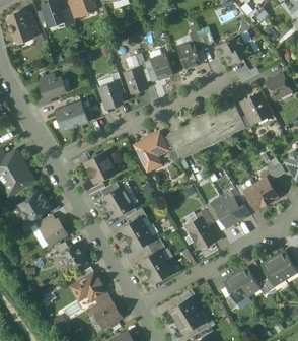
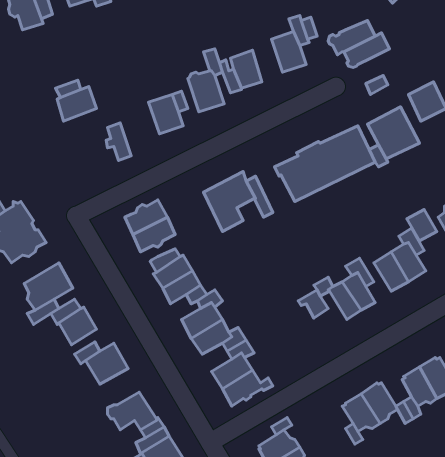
building: [55,104,80,131] -> none
building: [168,129,194,158] -> none
building: [188,217,214,247] -> none

